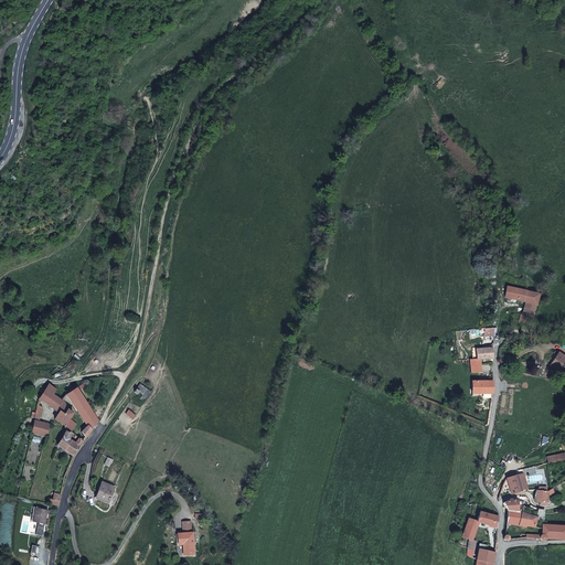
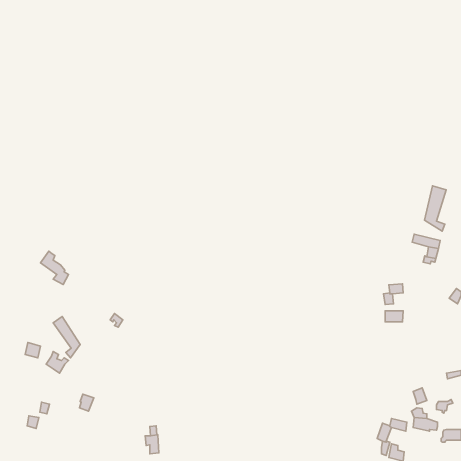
building: none -> [424,186,446,231]
building: [39,383,73,424] -> [41,251,69,285]

